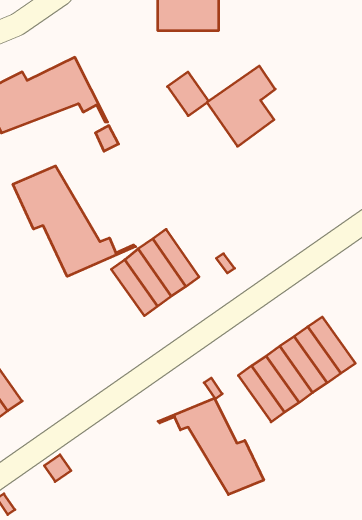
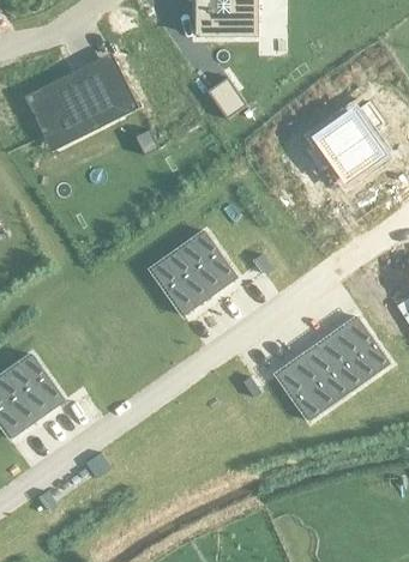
building: [207,66,275,146] -> [317,101,384,180]
building: [13,166,136,276] -> none
building: [158,398,264,495] -> none

